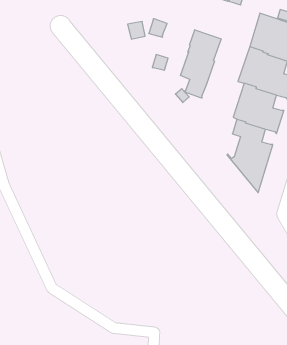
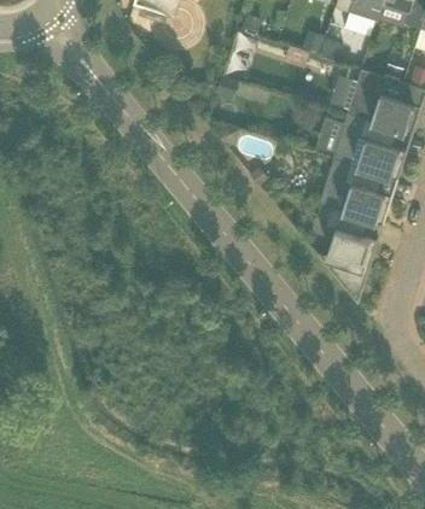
building: [181,30,221,98] -> none

